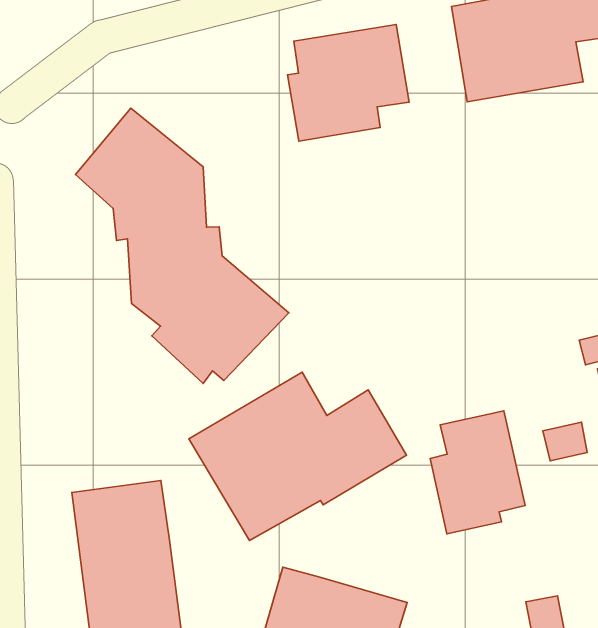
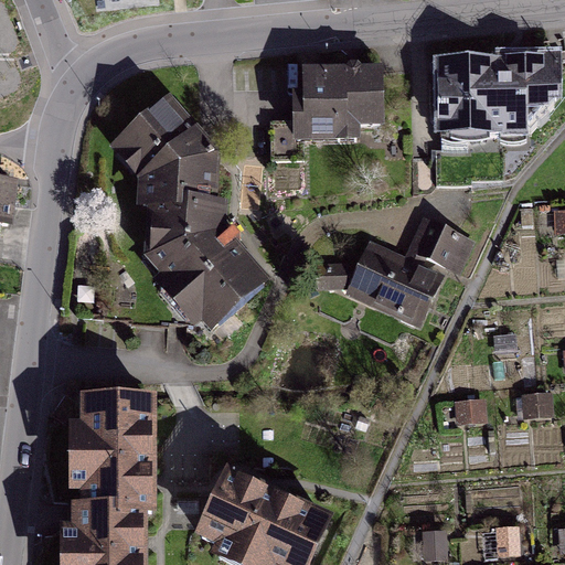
building: none -> [348,223,467,318]
building: [189,372,406,541] -> none
building: [430,411,525,534] -> none

